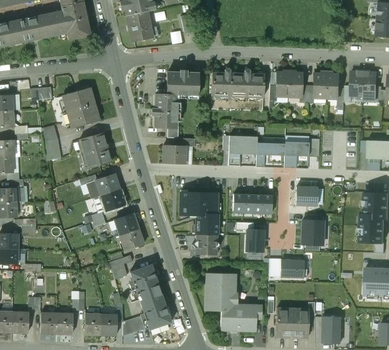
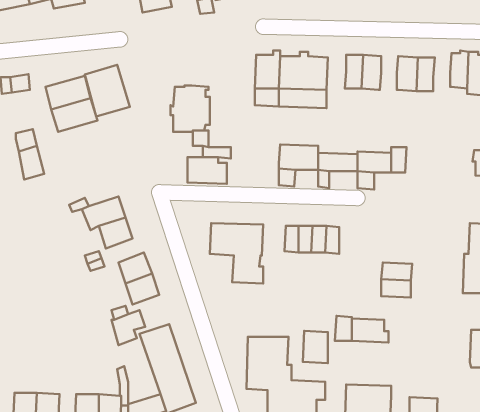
building: [166,70,198,98] -> none
building: [79,131,111,168] -> [85,65,130,117]
building: [295,186,323,205] -> none
building: [245,229,263,252] -> [303,331,328,363]
building: [191,234,220,254] -> none

